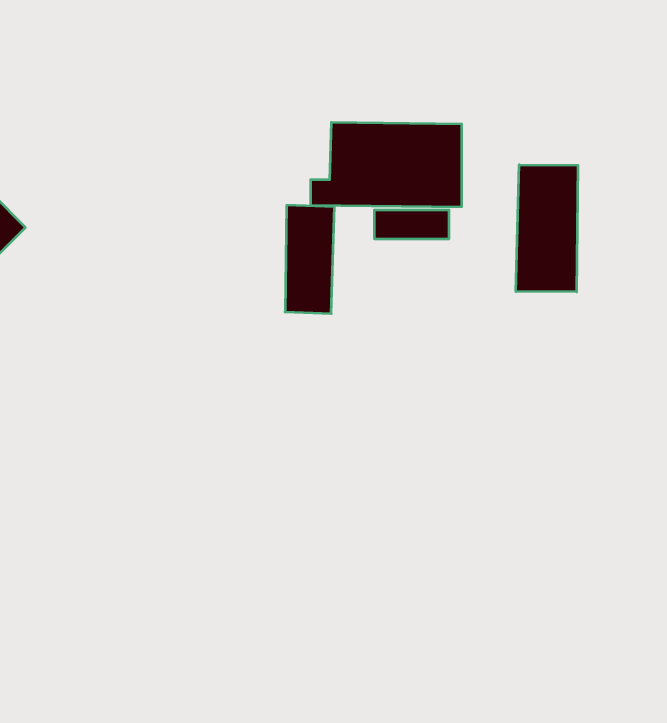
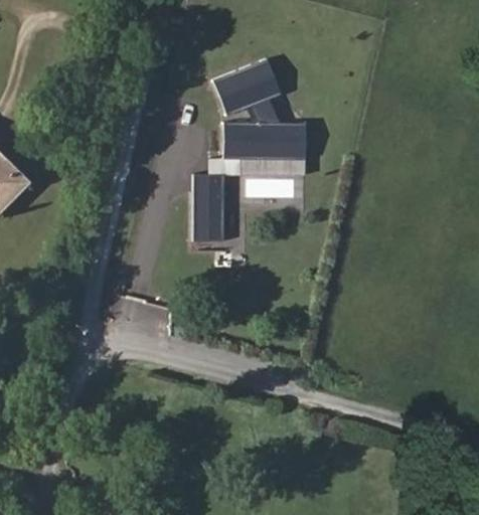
building: none -> [211,56,281,112]
building: [516,165,578,292] -> none

